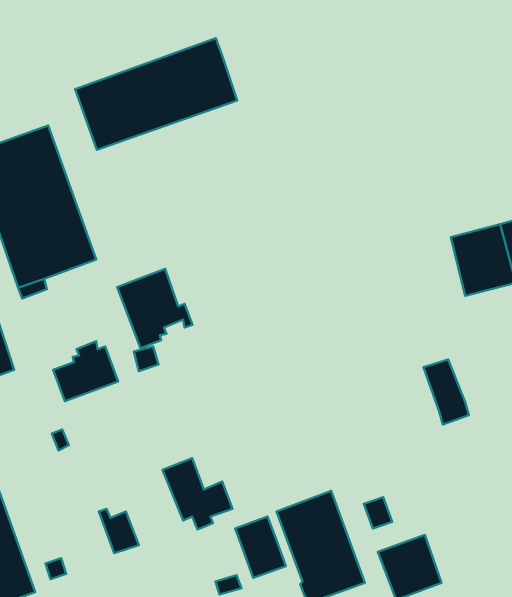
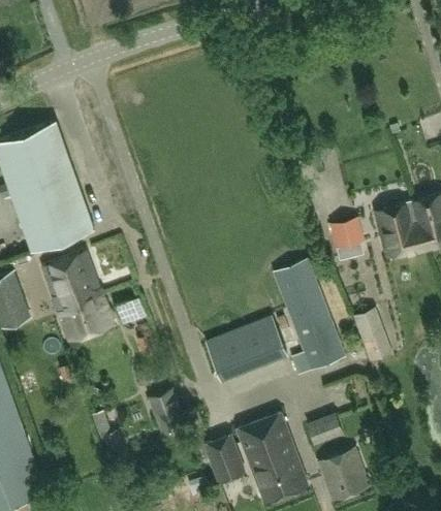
building: [75,38,237,150] -> none
building: none -> [328,218,364,249]
building: [117,269,192,348] -> [41,254,101,317]
building: none -> [273,260,346,375]
building: none -> [208,316,287,381]

